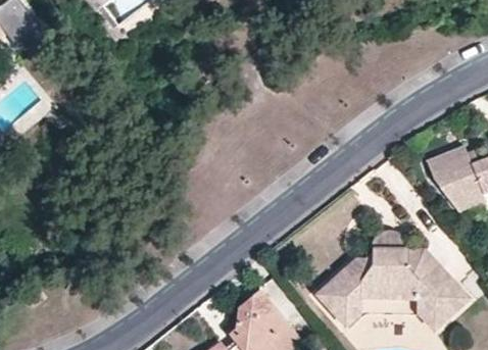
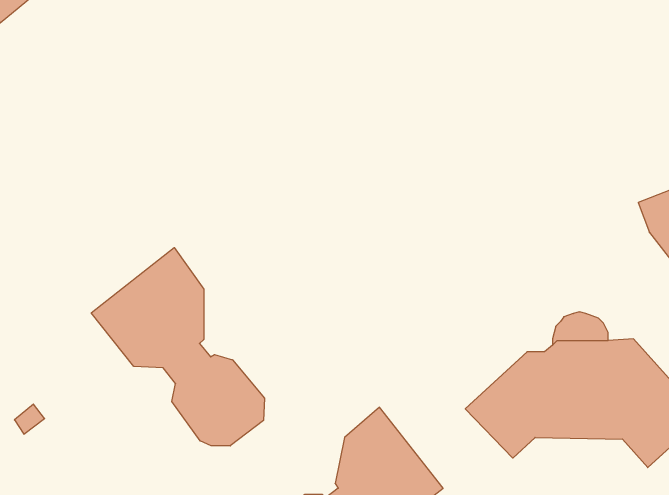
building: none -> [91,248,264,446]

